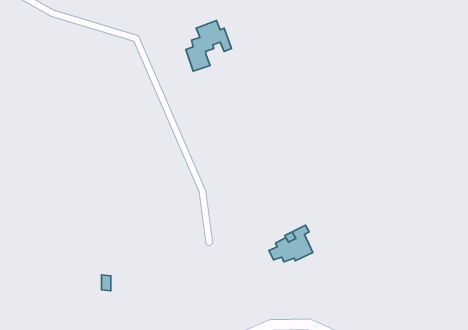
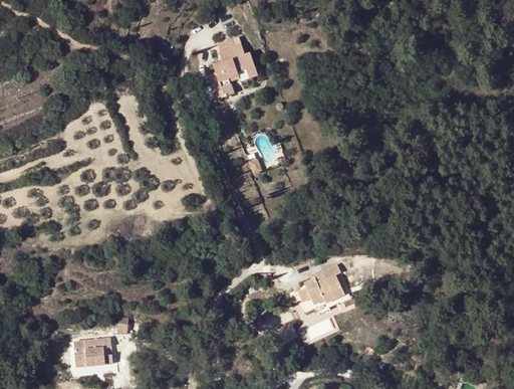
building: none -> [72,339,111,367]

